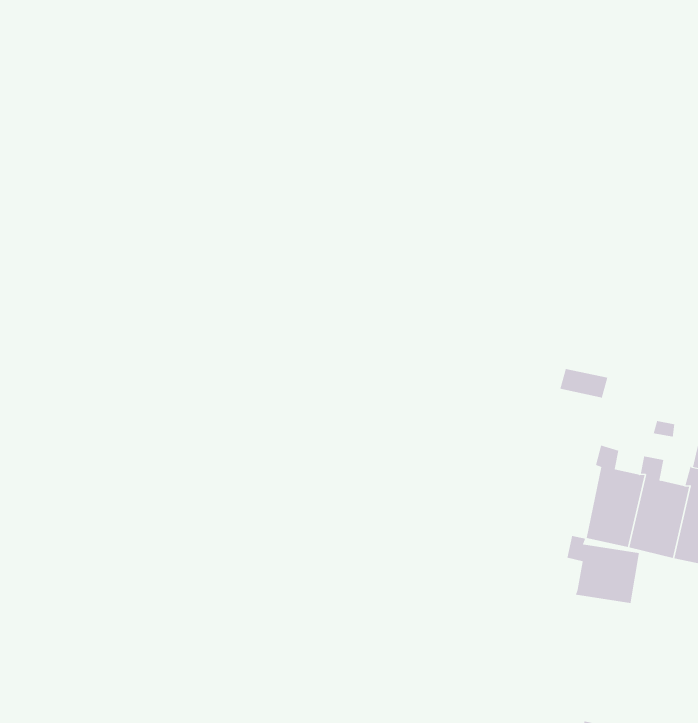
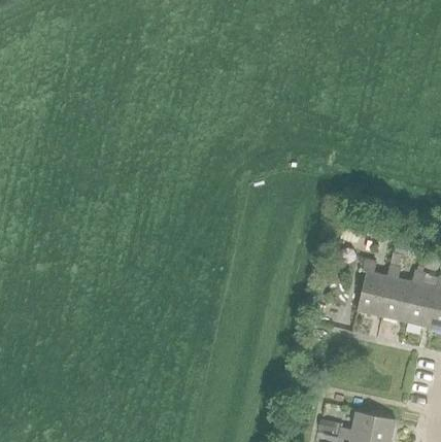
building: [567,535,639,604] -> none

